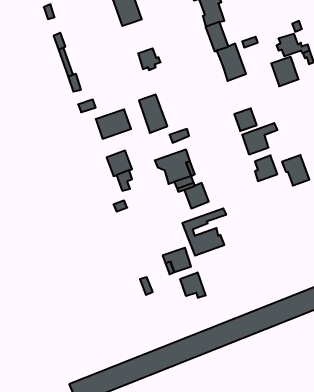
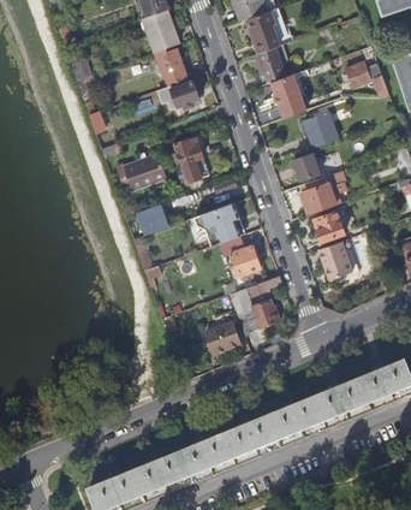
building: none -> [153,46,186,84]
building: [271,57,299,86] -> [303,111,336,147]
building: [282,155,309,186] -> [316,239,350,277]
building: [180,272,206,298] -> none

